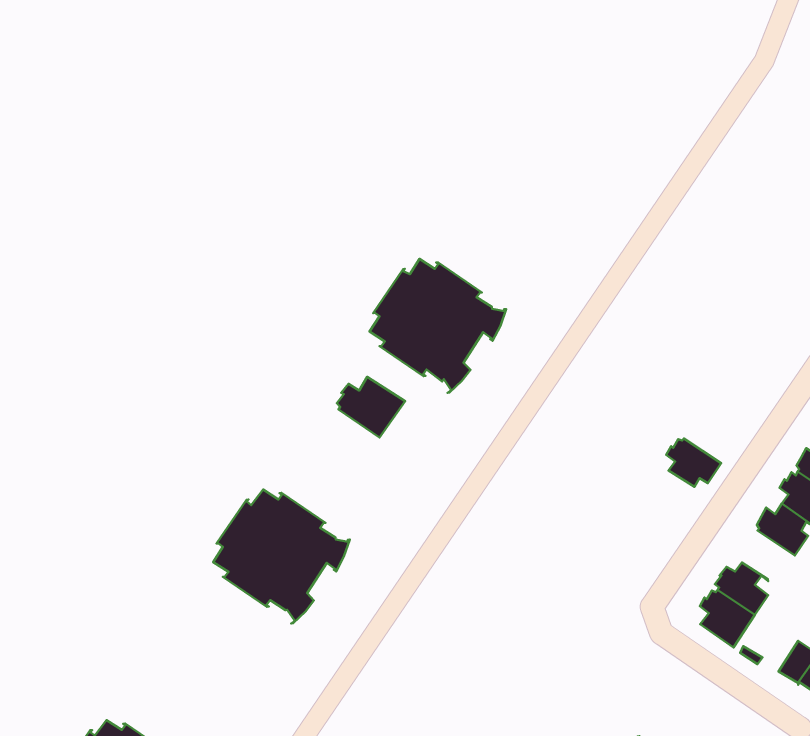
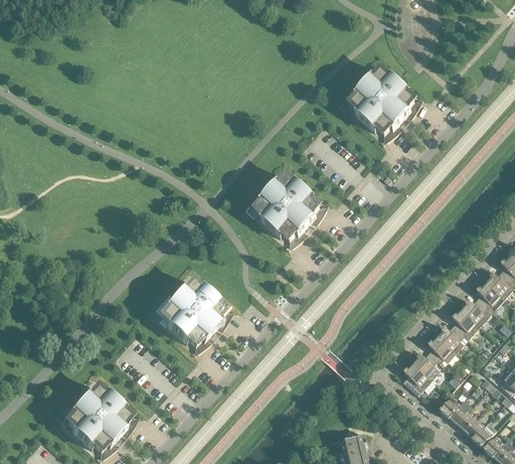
building: none -> [349,71,419,141]
building: [337,377,405,438] -> none
building: [666,438,721,487] -> [426,337,454,362]

